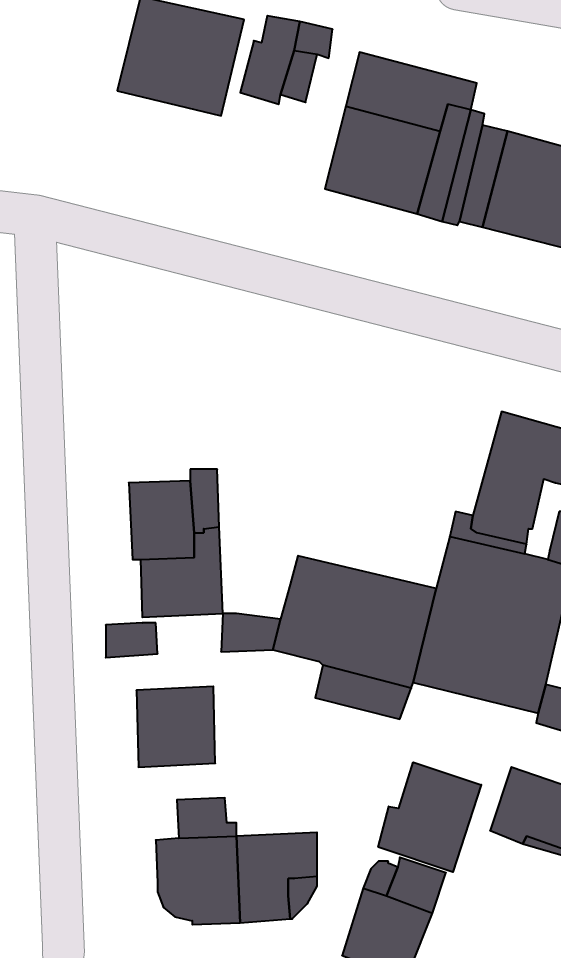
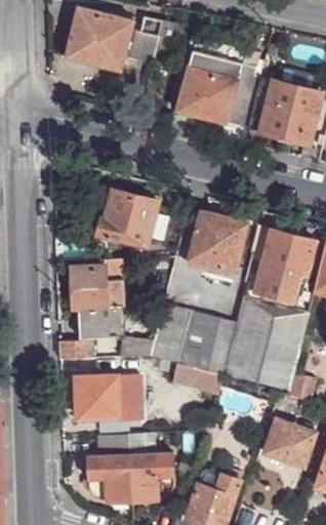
building: none -> [97,190,169,247]
building: none -> [189,212,245,270]
building: none -> [116,374,138,416]
building: [378,762,481,872] -> none

